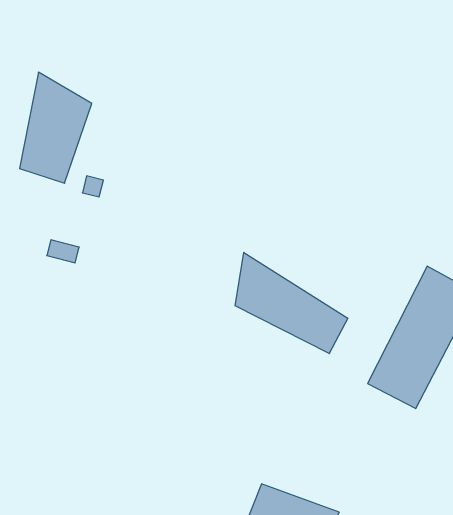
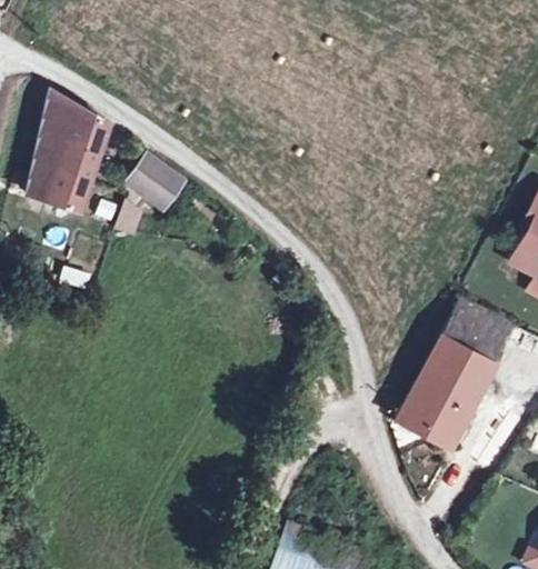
building: none -> [128,154,186,210]
building: [235,252,348,354] -> none

